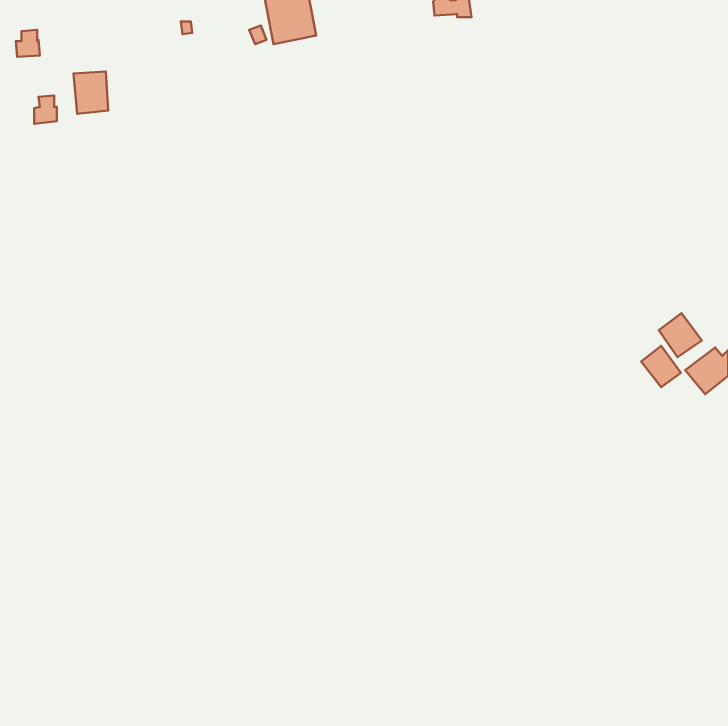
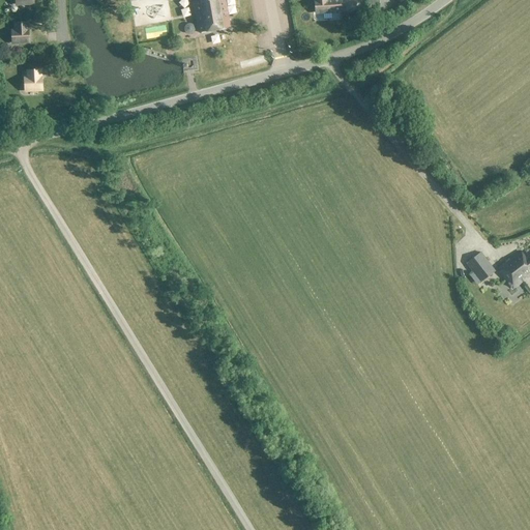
building: [74,72,108,114] -> none
building: [659,313,702,357] -> none

